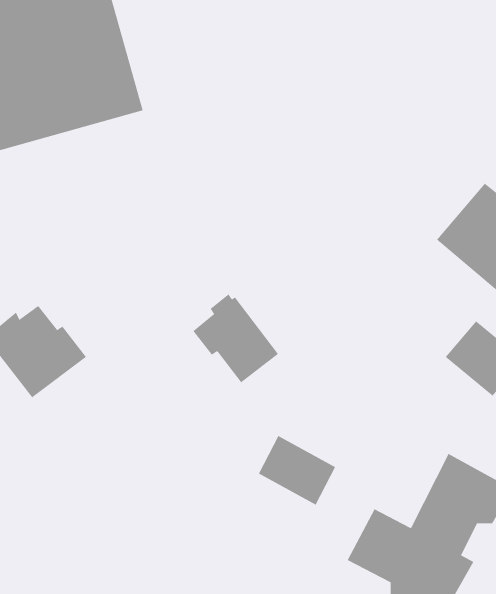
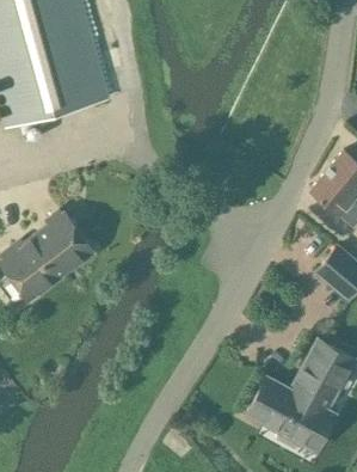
building: [193,293,279,383] -> [33,210,93,272]
building: [258,435,336,506] -> none

